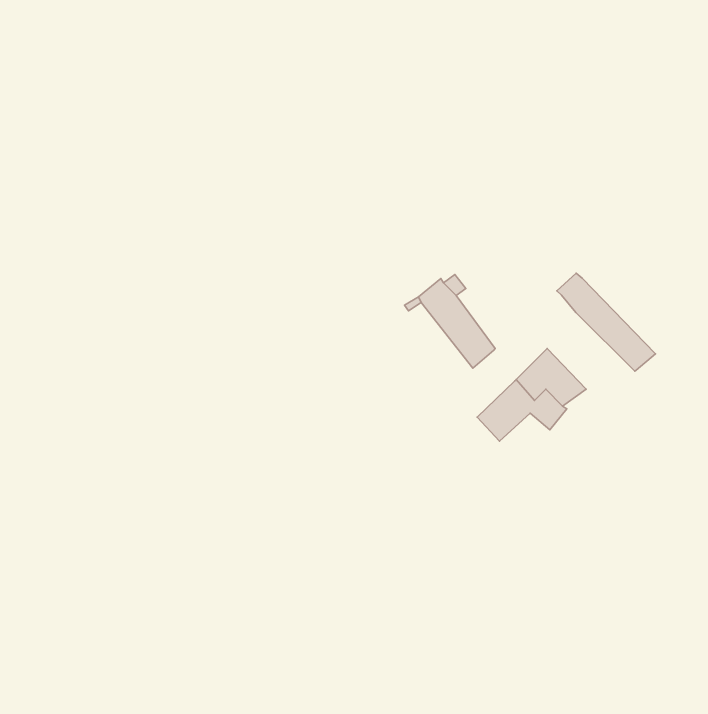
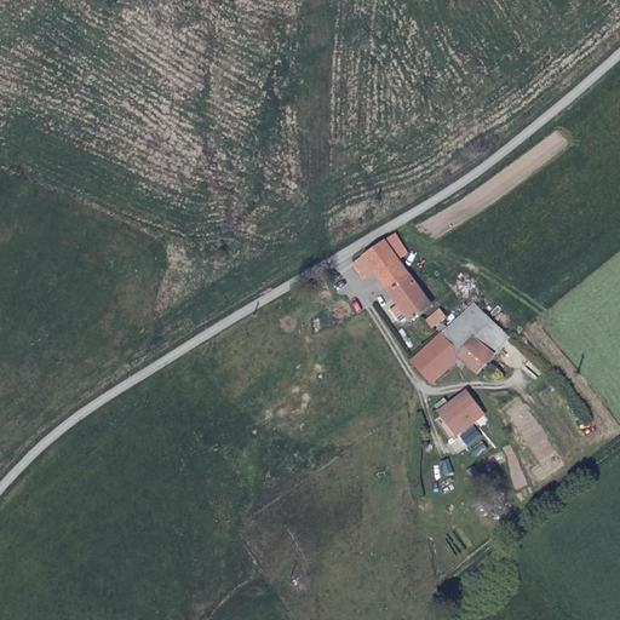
building: [557,273,655,371] -> none
building: none -> [438,391,482,435]

